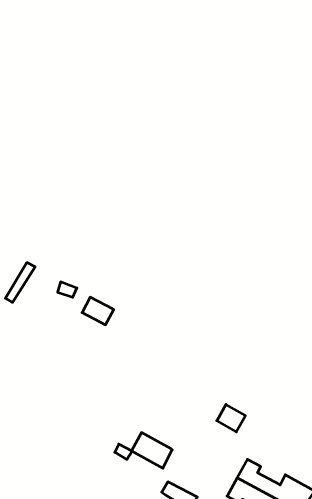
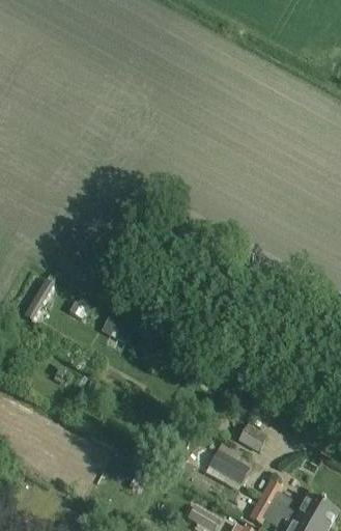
building: [131,433,172,468] -> [208,449,250,485]

